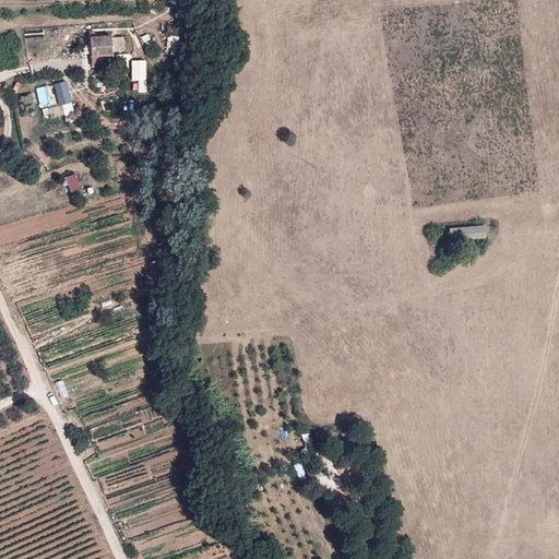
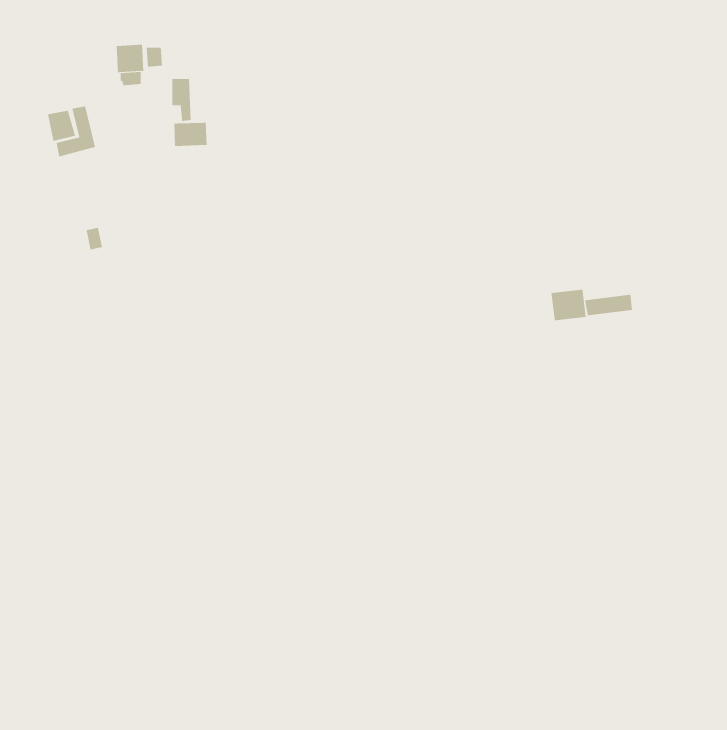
building: none -> [174,122,207,147]
building: none -> [551,289,586,321]

